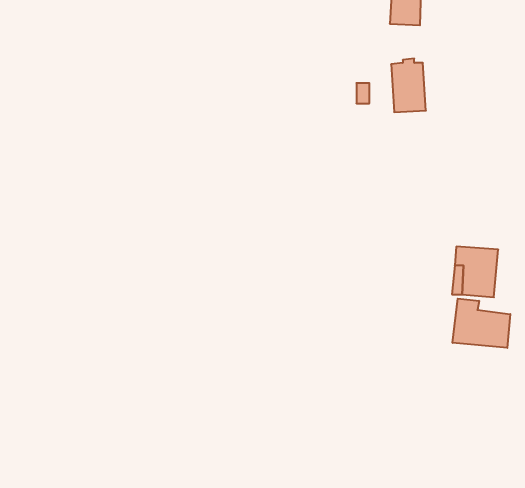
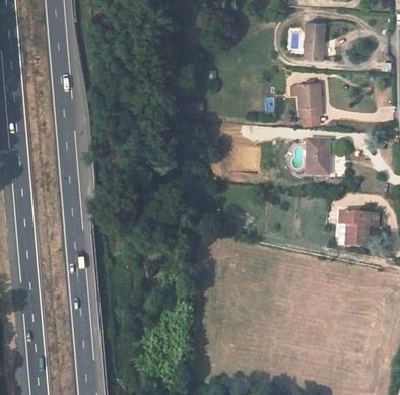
building: none -> [311,140,332,177]
building: [453,299,510,348] -> none

